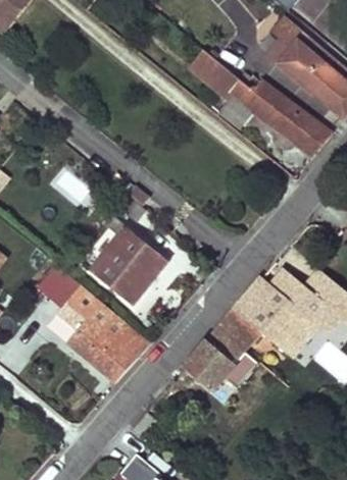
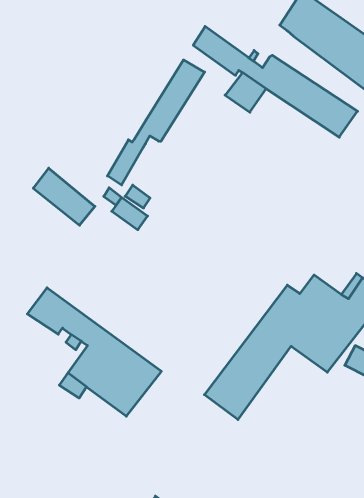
building: none -> [107,60,205,185]
building: [90,218,168,307] -> none

